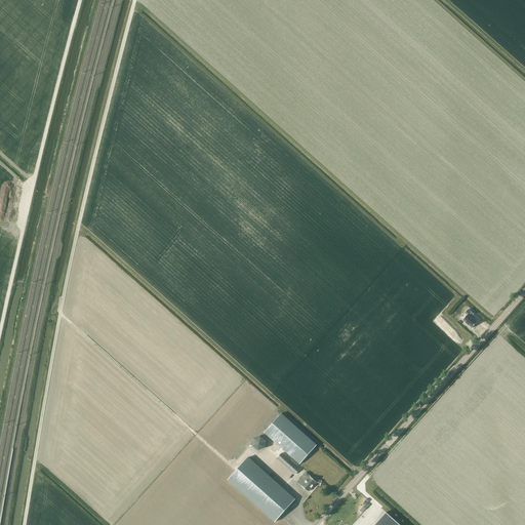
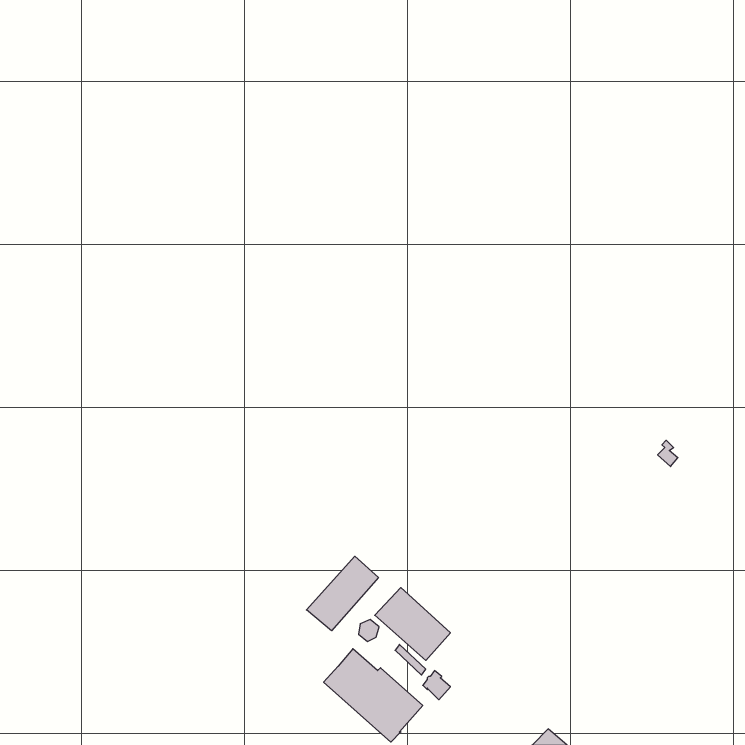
building: none -> [306,556,378,631]

